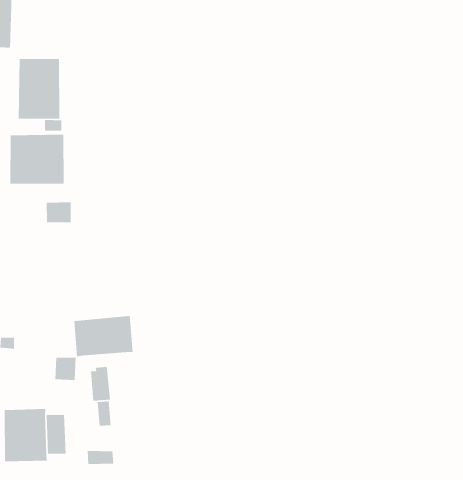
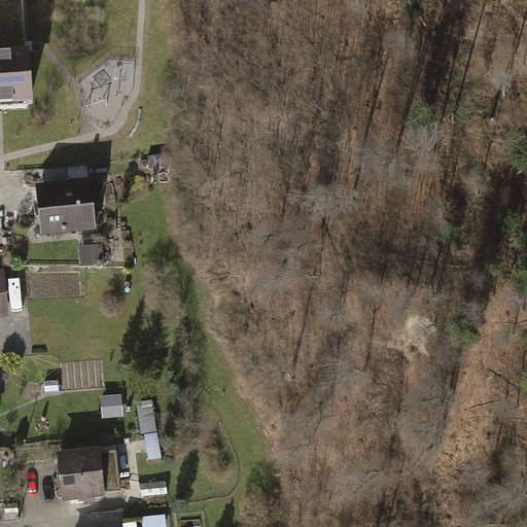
building: [18,58,60,120] -> none
building: [74,315,133,357] -> none

